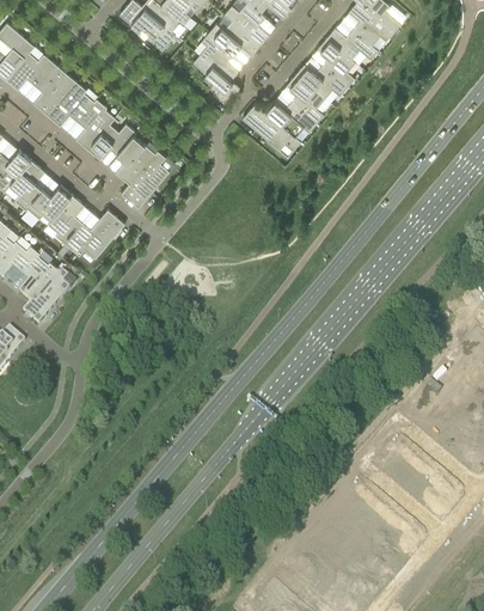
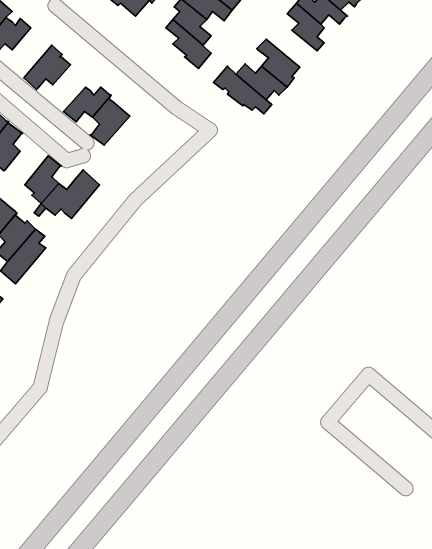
building: [32,62,74,114] -> none
building: [294,63,347,103] -> none
building: [74,98,114,148] -> none
building: [120,149,173,207] -> none
building: [26,184,71,219] -> none

